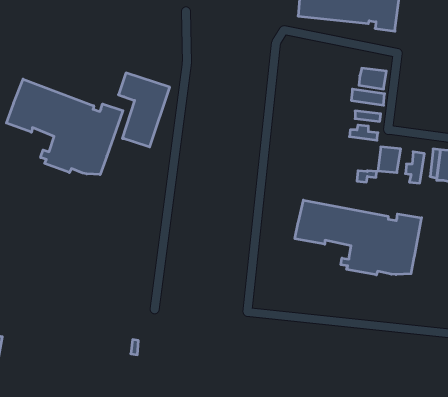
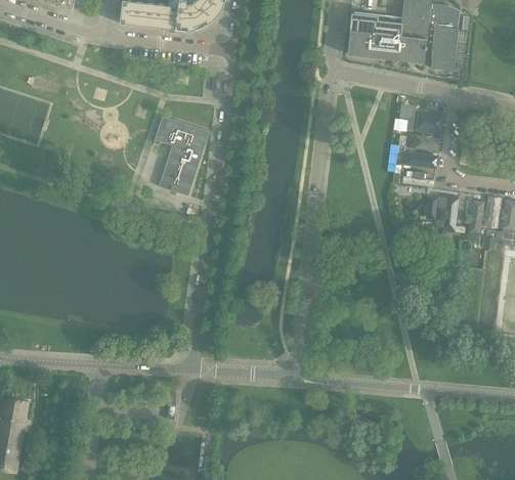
building: [6,79,123,175] -> none
building: [295,200,422,275] -> none

